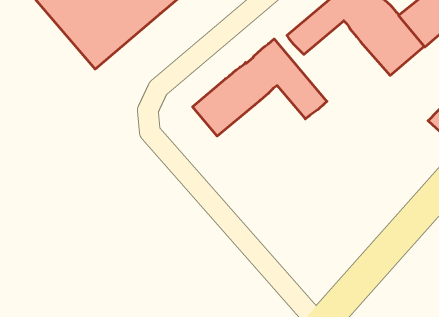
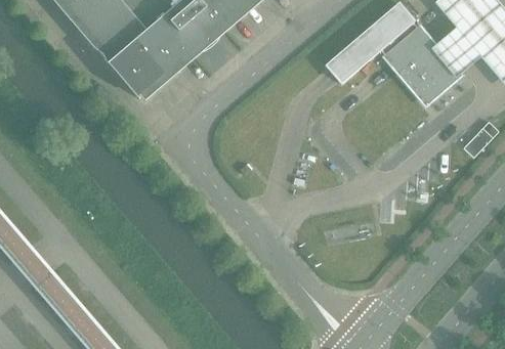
building: [193,39,327,136] -> none

